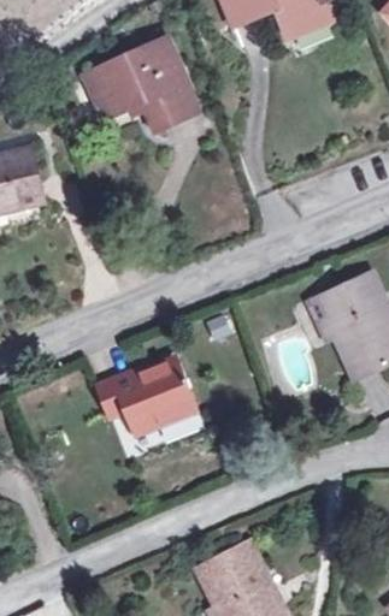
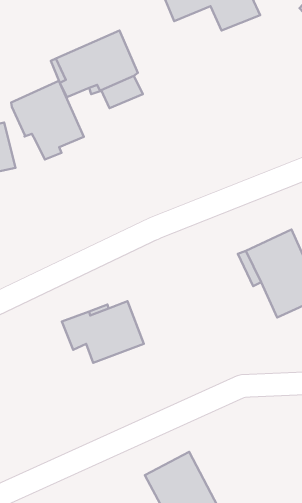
building: none -> [11,81,84,160]

